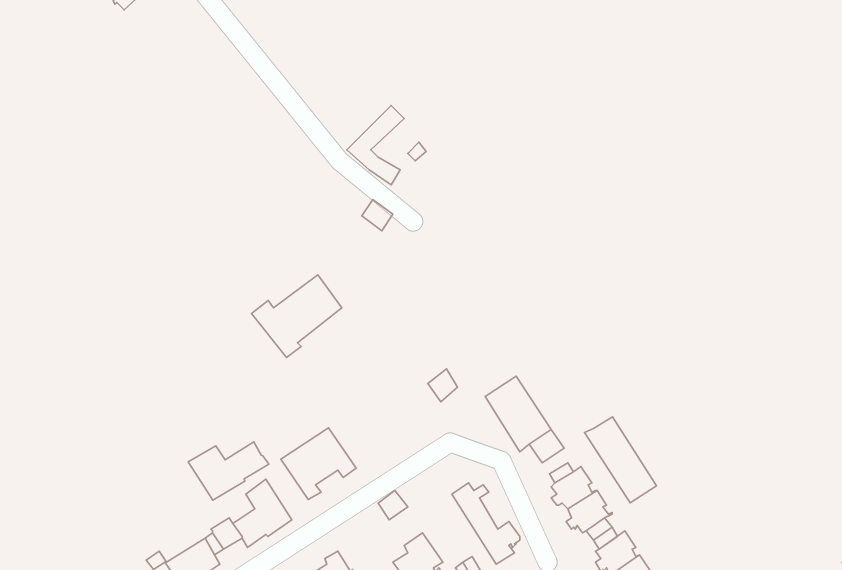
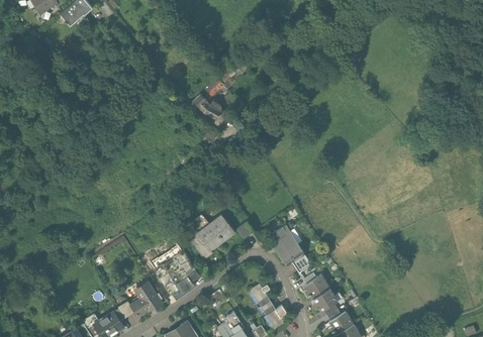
building: [251,275,342,358] -> [185,214,234,259]
building: [584,417,656,503] -> none
building: [188,442,269,500] -> none

